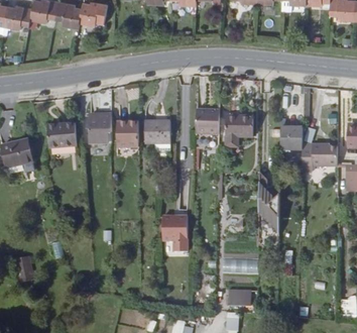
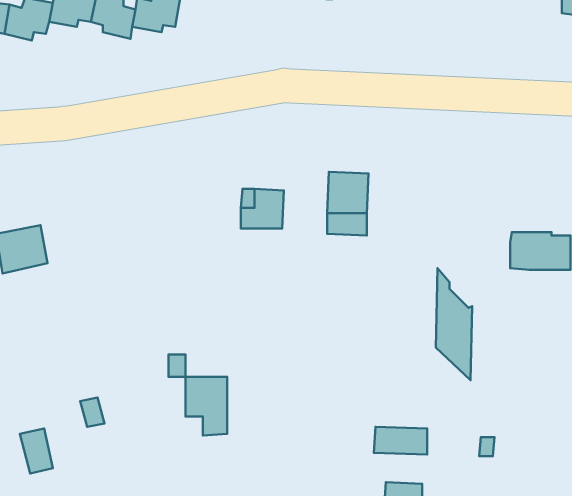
building: [116,113,138,139] -> none
building: [225,115,252,144] -> none
building: [88,116,111,143] -> none
building: [47,121,77,146] -> none
building: [279,127,303,149] -> none
building: [162,217,187,251] -> [186,377,227,435]

